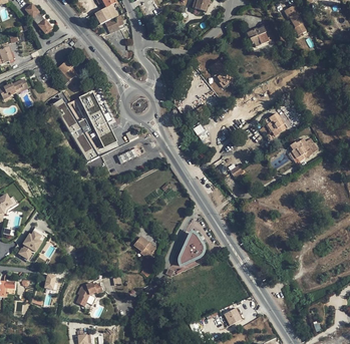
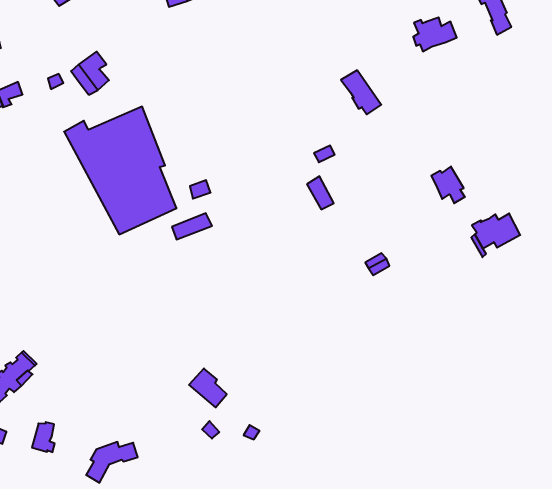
building: [178,231,206,269] -> none

